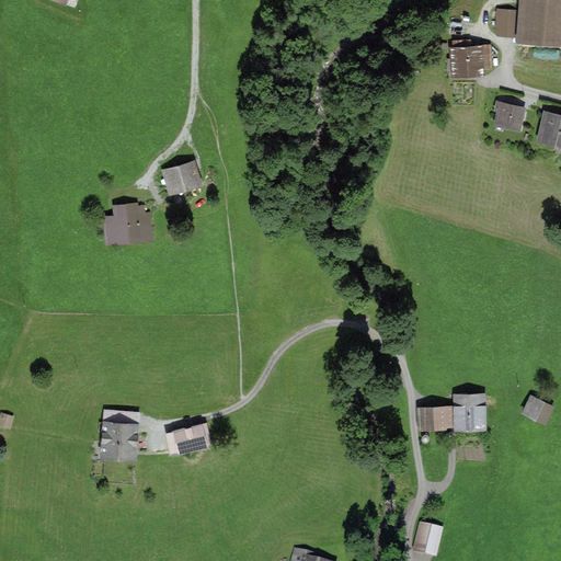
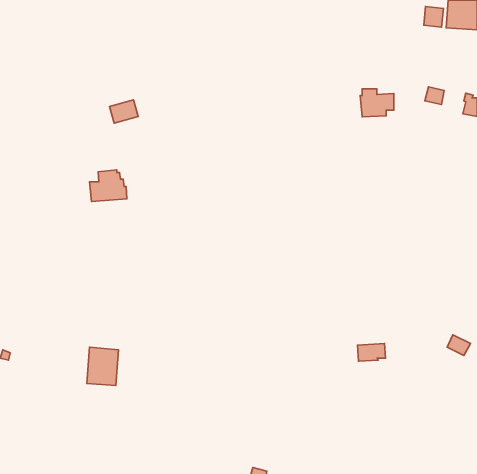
building: [451,41,491,73] -> [360,89,394,117]
building: [165,163,199,191] -> [109,100,138,123]
building: [456,396,485,426] -> none
building: [168,424,210,451] -> none
building: [416,525,442,553] -> none

